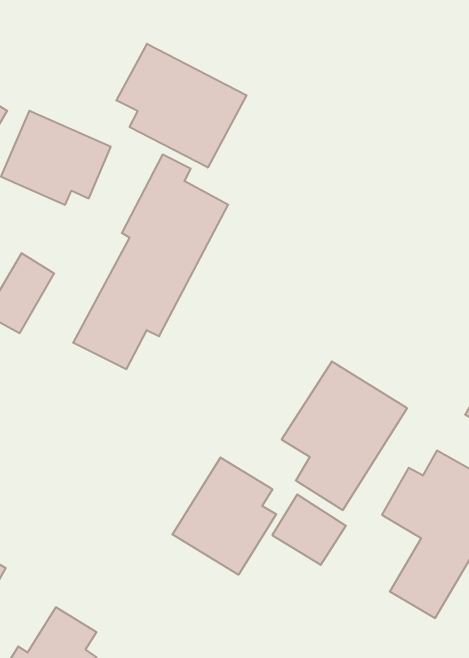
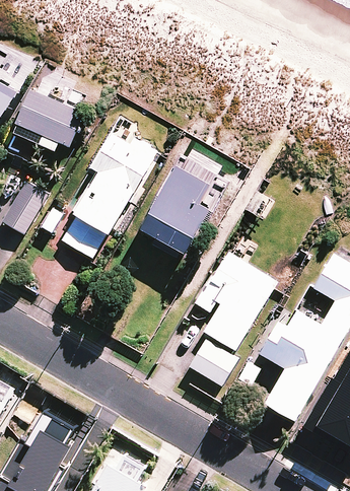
building: [116,44,246,168] -> none
building: none -> [142,166,210,254]
building: [172,457,276,575] -> none

